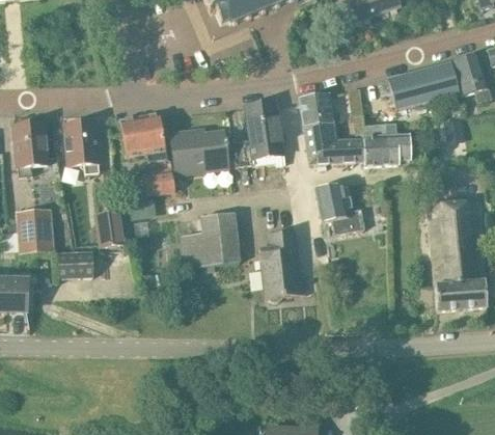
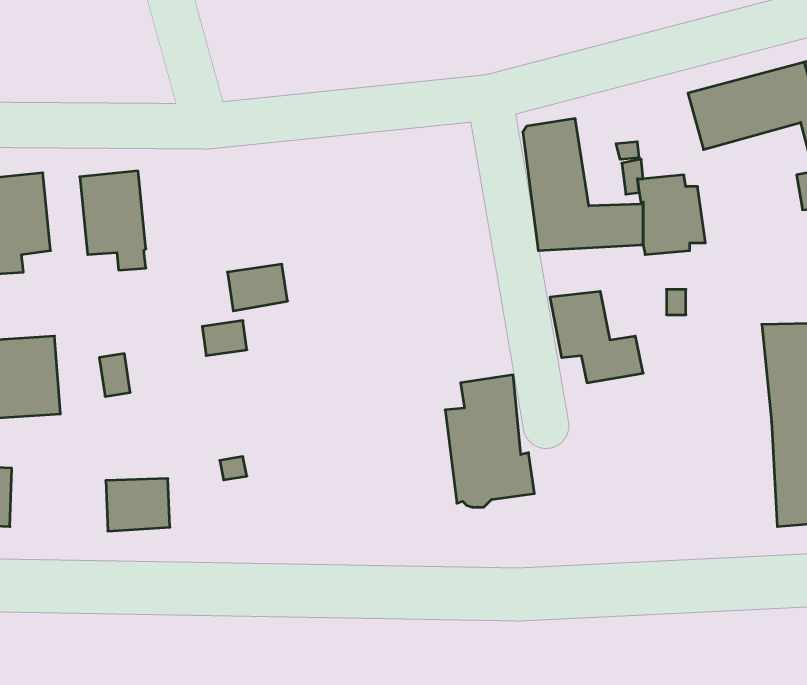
building: [233,100,285,165] -> none
building: [120,112,167,160] -> none
building: [171,130,229,172] -> none
building: [95,209,125,245] -> none
building: [183,211,241,267] -> none
building: [59,249,93,277] -> [106,479,170,531]

